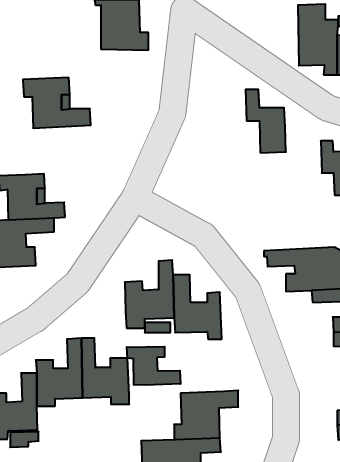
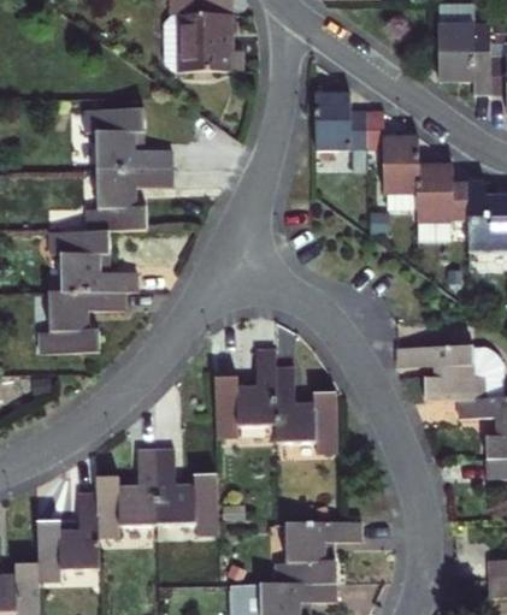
building: none -> [323,104,372,162]
building: none -> [82,168,169,233]
building: none -> [423,171,471,232]
building: [127,347,181,385] -> none

